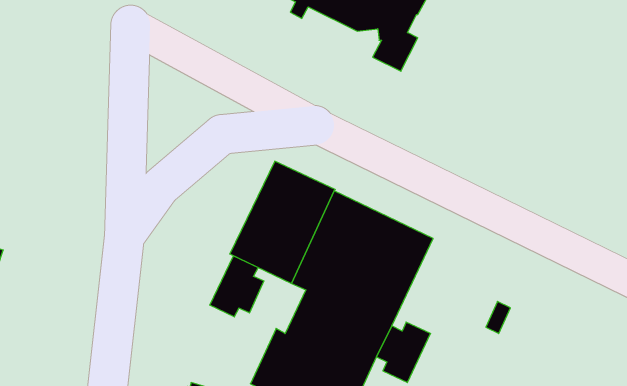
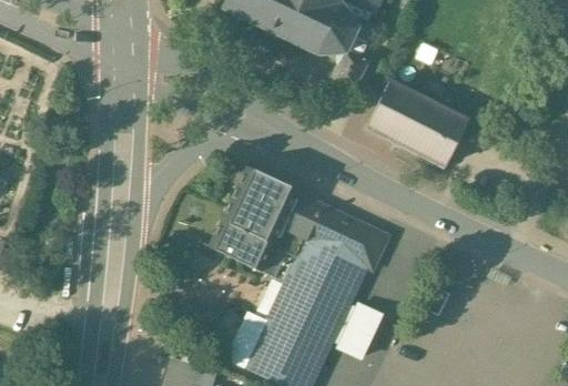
building: none -> [367,83,467,166]
building: [210,256,264,317] -> none

